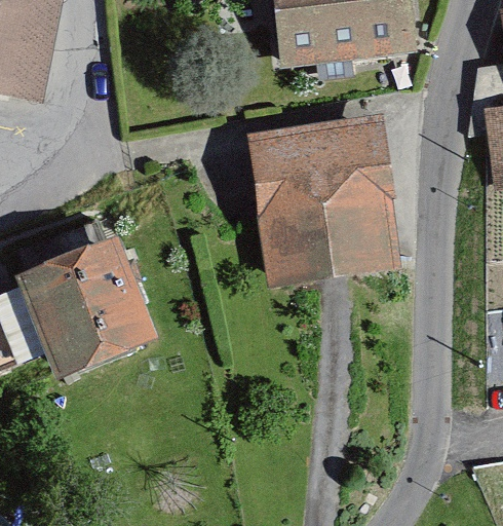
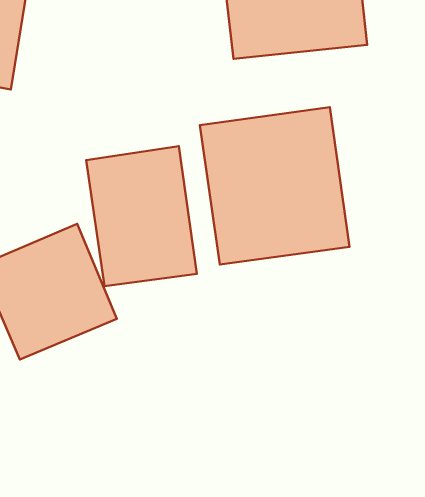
building: none -> [86,146,197,286]

